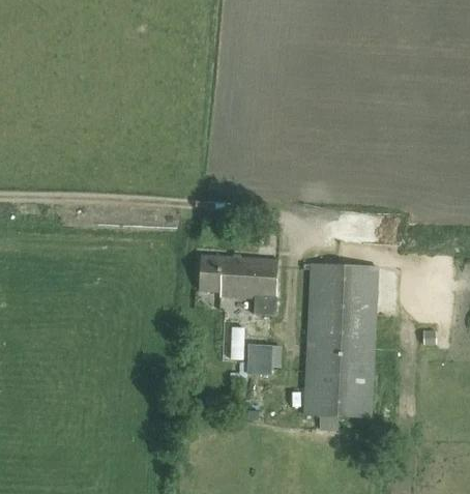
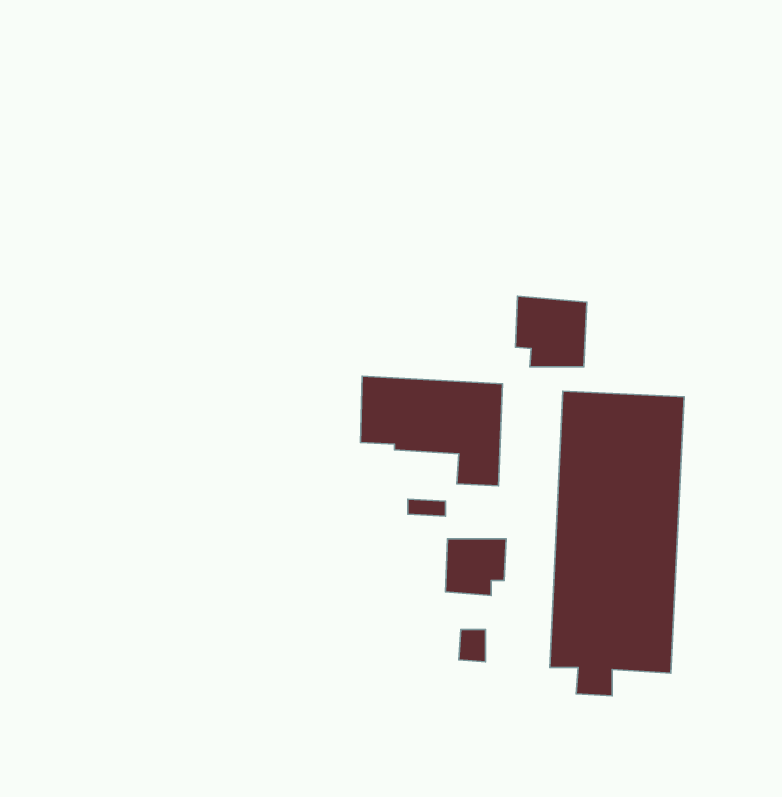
building: none -> [516,296,587,367]

